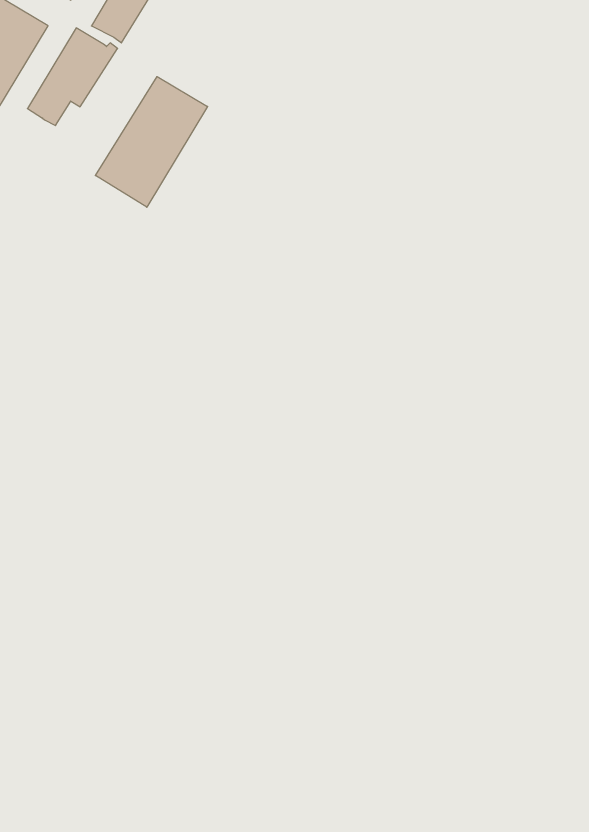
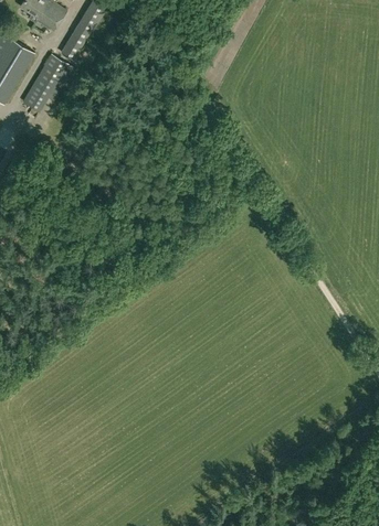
building: [95,77,208,207] -> none

